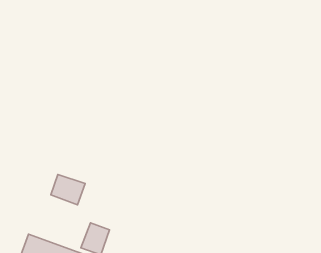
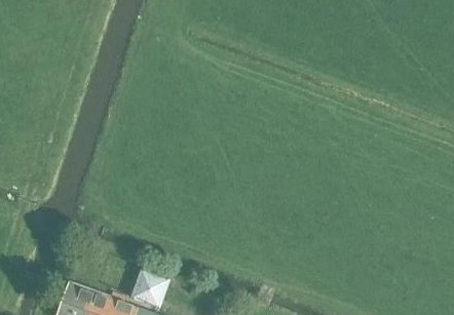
building: [51,175,85,205] -> none

